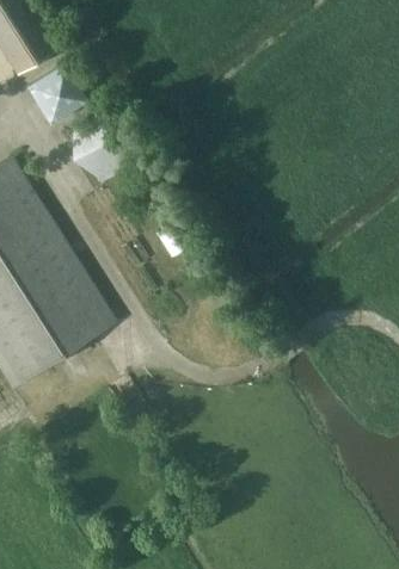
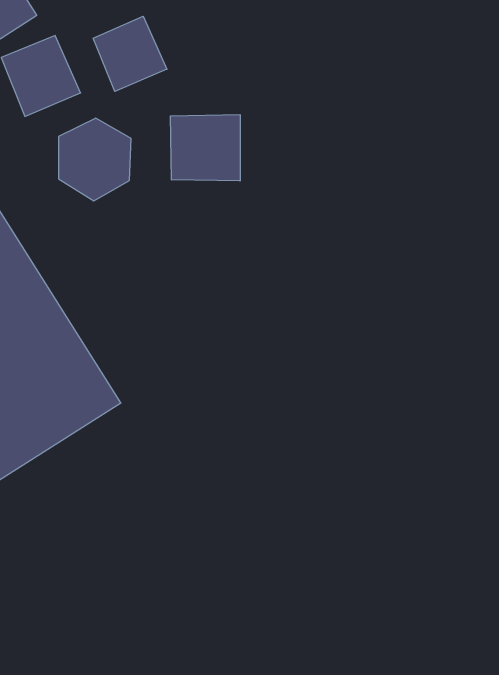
building: none -> [93,16,167,91]
building: none -> [171,115,240,181]

